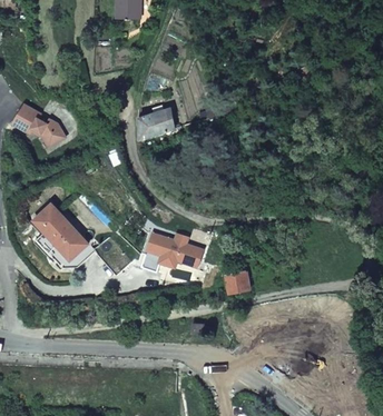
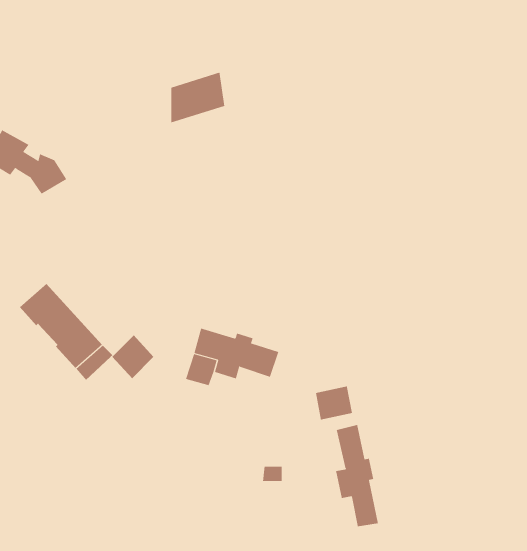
building: [139,107,175,140] -> [170,72,225,123]
building: none -> [335,424,379,527]

